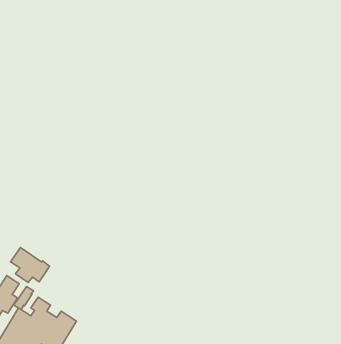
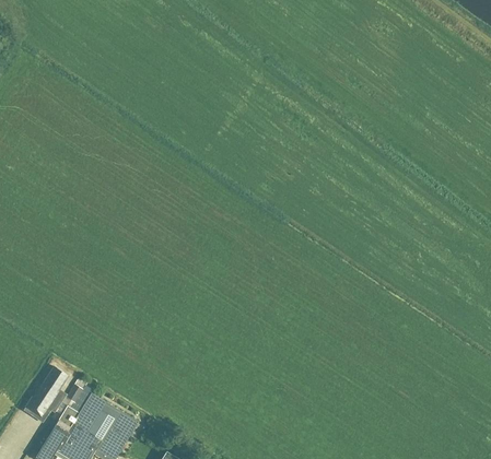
building: [11,247,50,283] -> none

